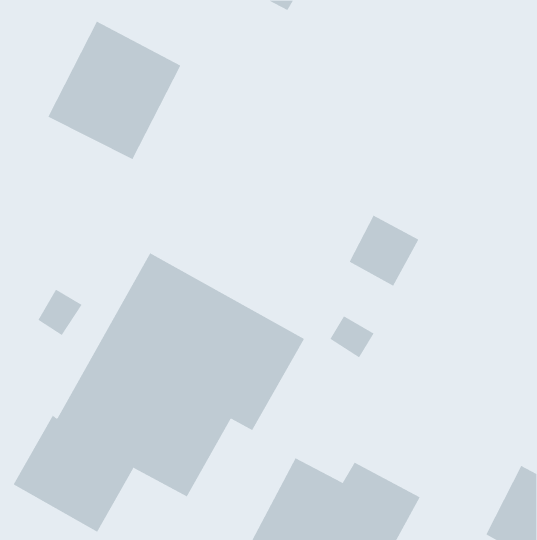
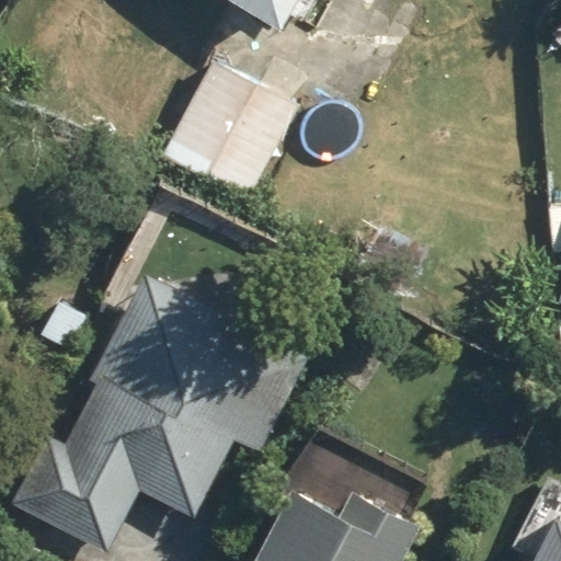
building: [47,21,181,160] -> [162,58,299,201]

